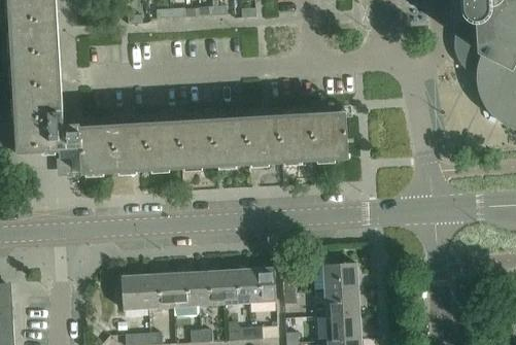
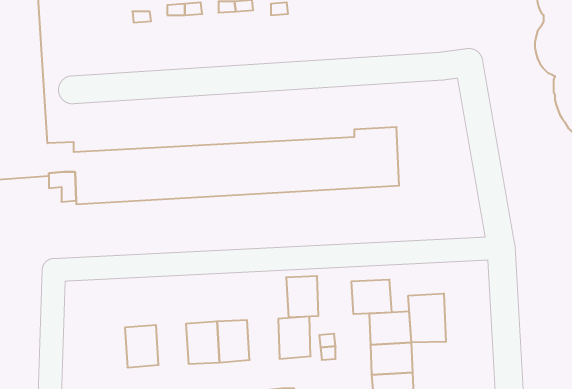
building: none -> [352,279,391,314]
building: none -> [408,293,446,343]
building: [222,269,249,303] -> [286,276,318,317]
building: [147,273,174,307] -> none

